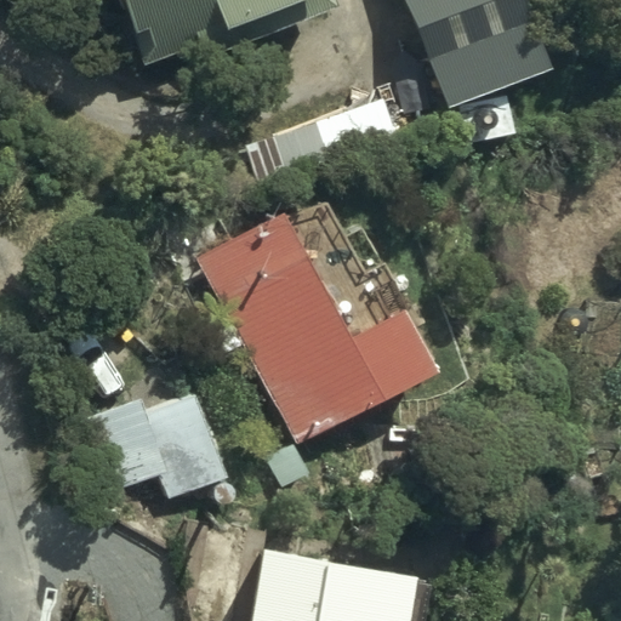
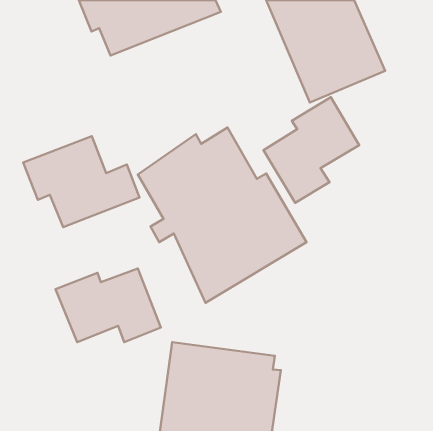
building: none -> [263,97,359,203]
building: none -> [23,136,139,227]

